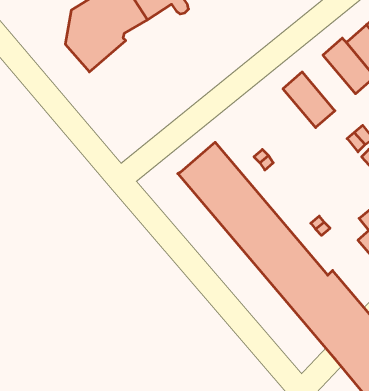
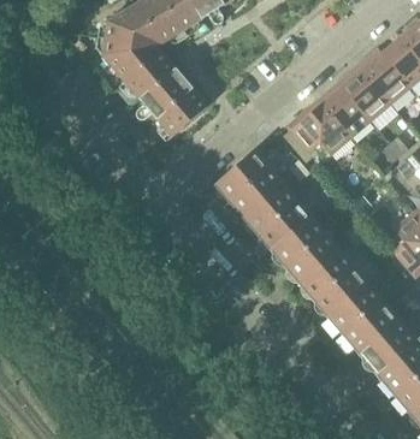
building: none -> [126,51,208,135]
building: none -> [338,65,391,120]
building: none -> [288,99,351,154]

